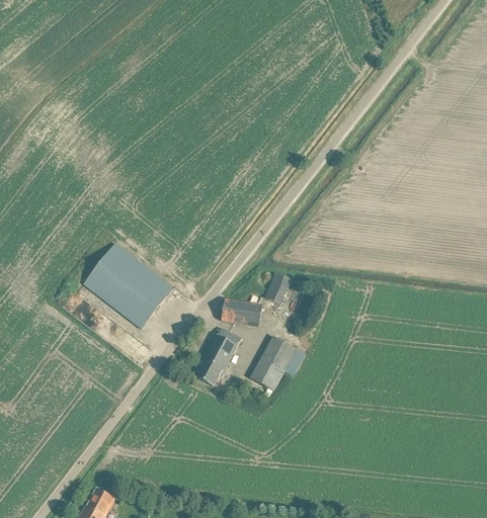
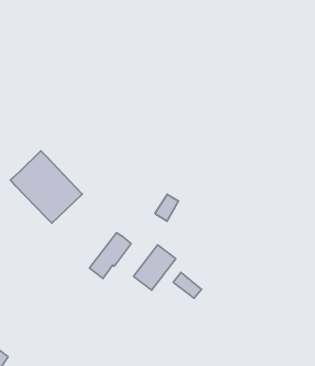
building: [222,298,263,326] -> none
building: none -> [173,272,202,298]

